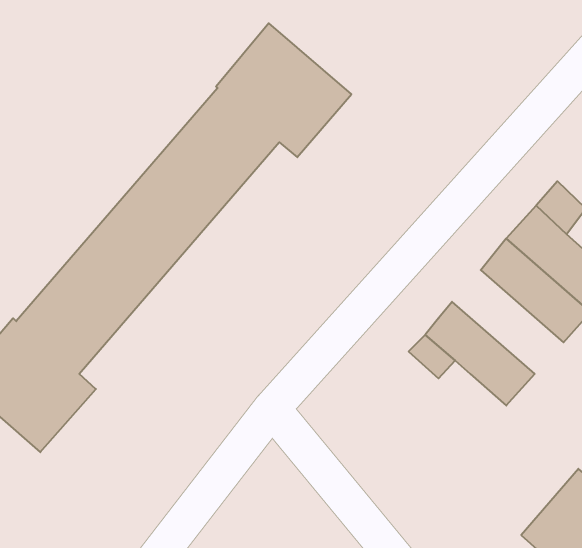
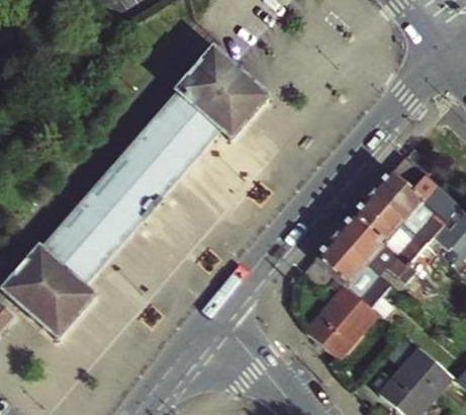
building: none -> [336,215,417,284]
building: none -> [308,284,377,354]

